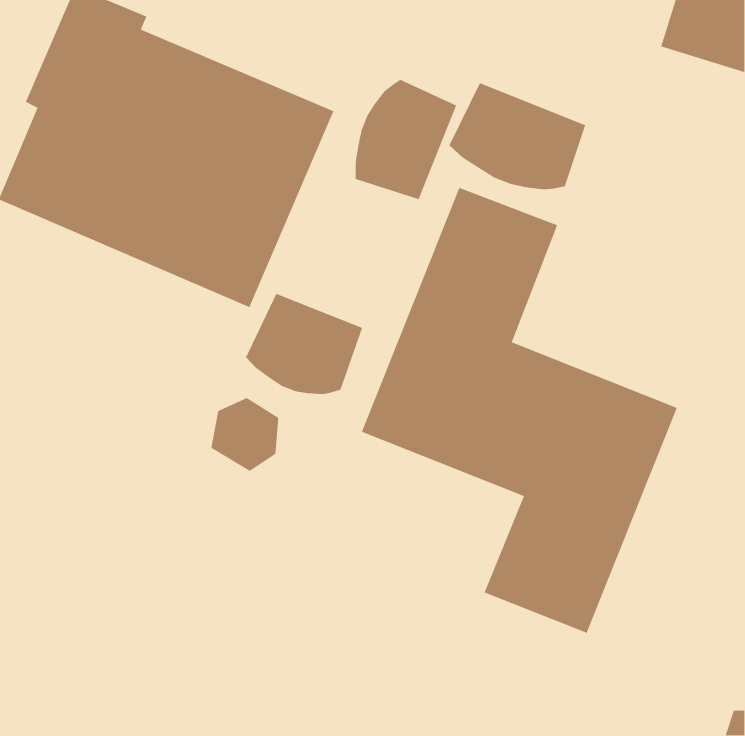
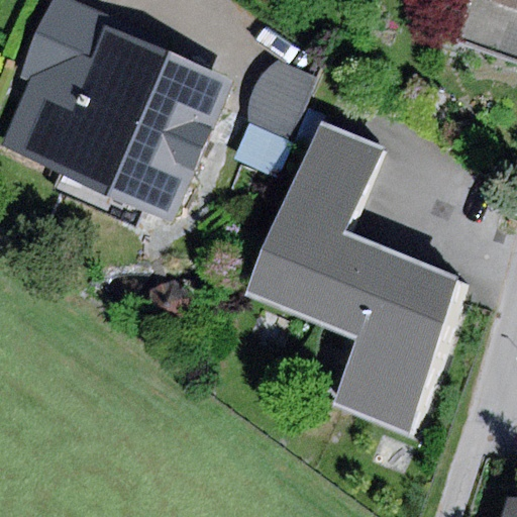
building: [448,82,586,190] -> none
building: [245,293,363,395] -> none

